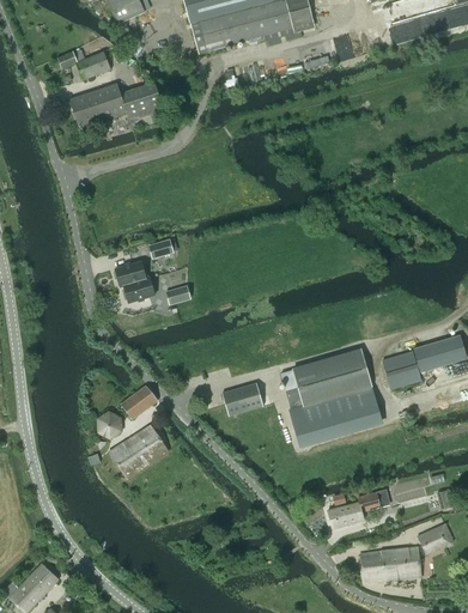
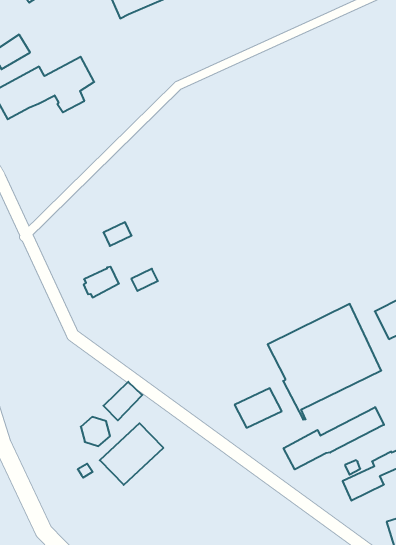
building: [114,260,146,285] -> none
building: [221,382,263,414] -> [235,388,282,428]
building: none -> [284,407,384,469]

